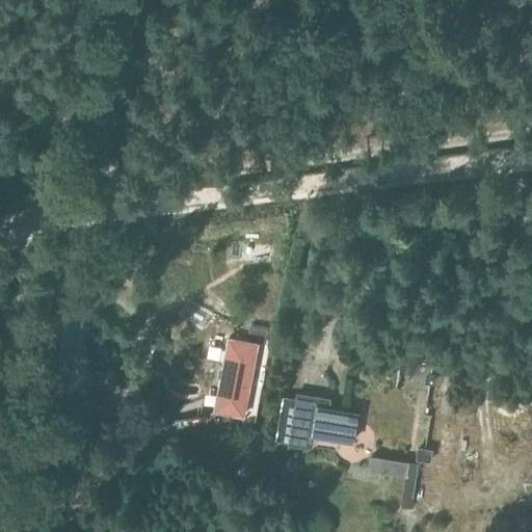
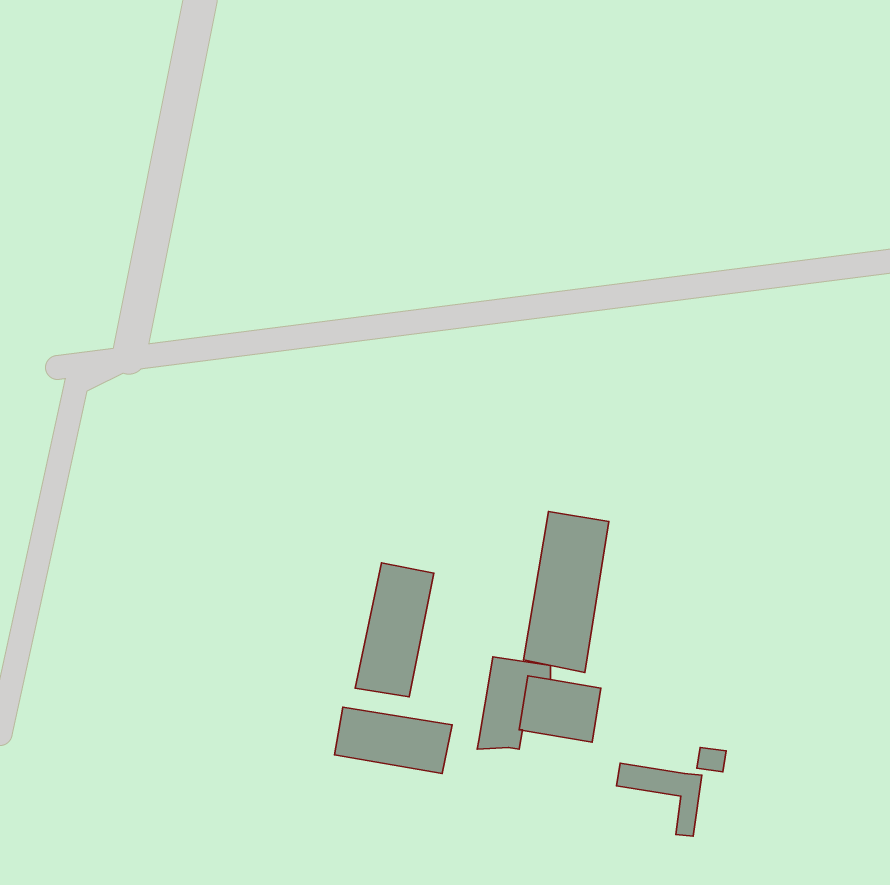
building: none -> [523,511,609,673]
building: none -> [335,707,452,774]

